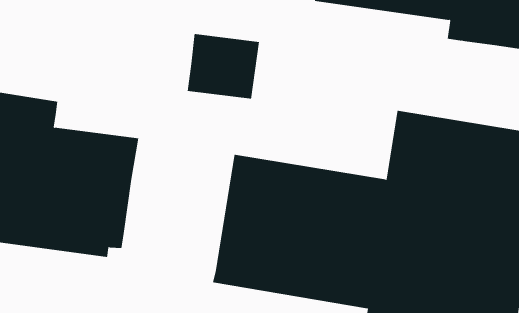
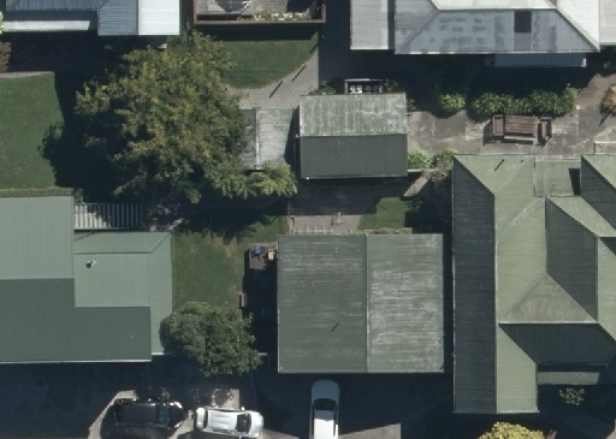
building: none -> [303,88,413,170]

